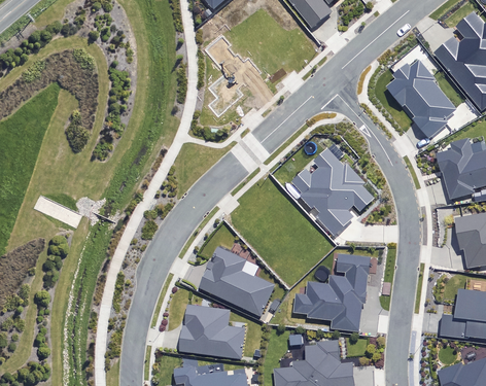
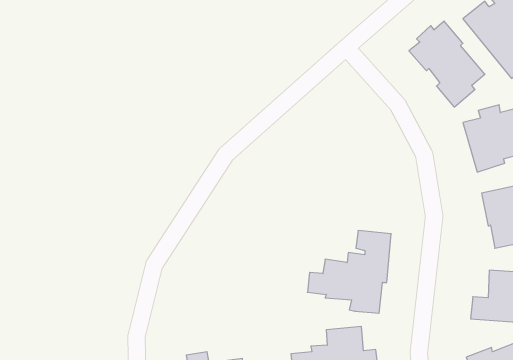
building: [294,149,375,236] -> none
building: [197,246,273,316] -> none
building: [182,305,245,359] -> none

